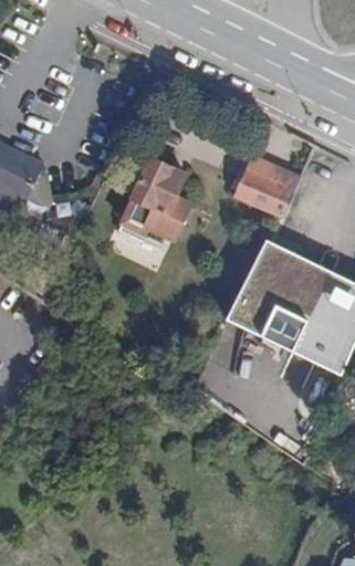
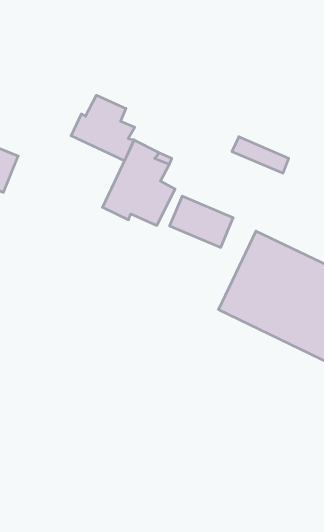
building: none -> [71,95,135,161]
building: [233,167,295,217] -> [170,196,233,247]

